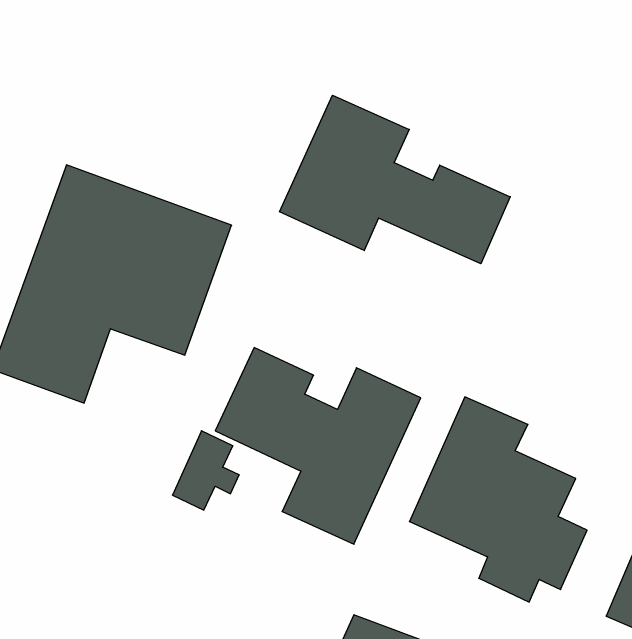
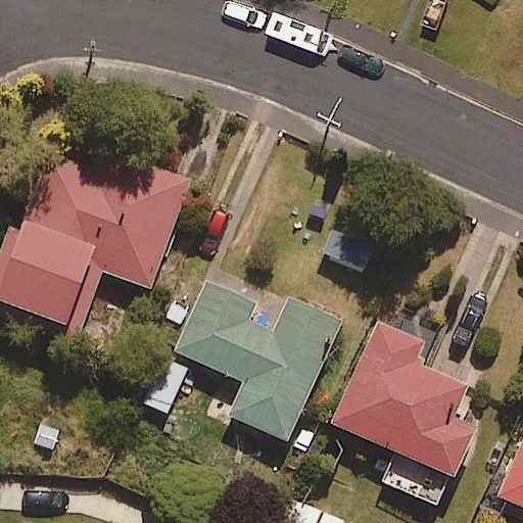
building: [279,95,510,264] -> none

